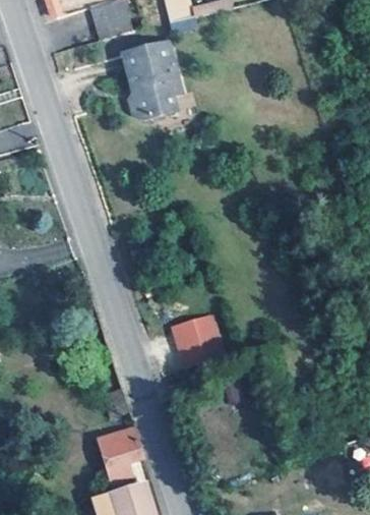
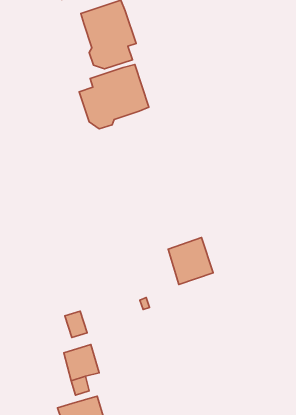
building: none -> [79,65,149,129]
building: [172,313,223,366] -> [168,237,213,284]

